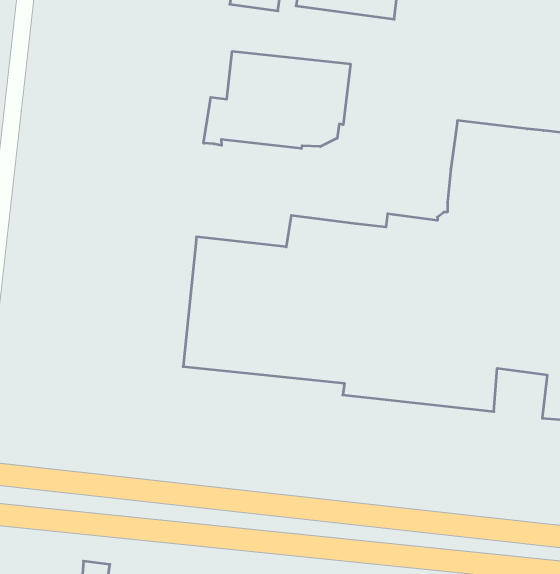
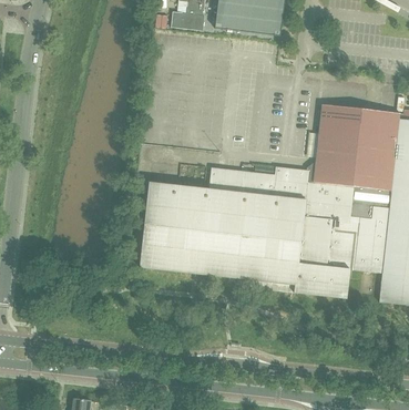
building: [204,51,350,149] -> none

